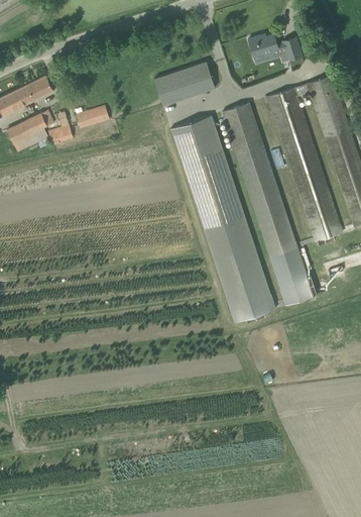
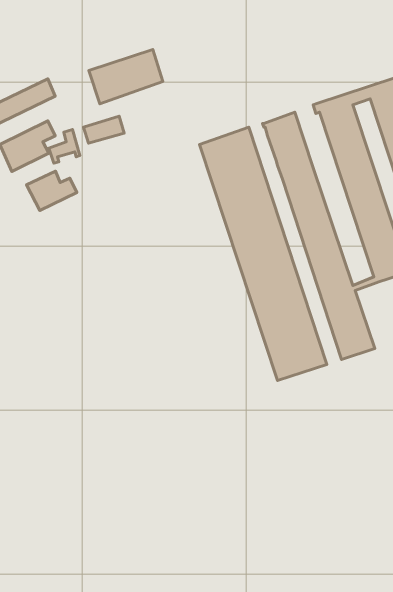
building: [249,33,303,60] -> none
building: [155,63,216,107] -> [89,49,163,104]
building: none -> [27,171,77,210]

